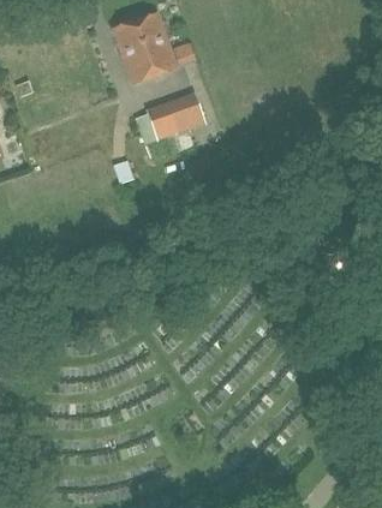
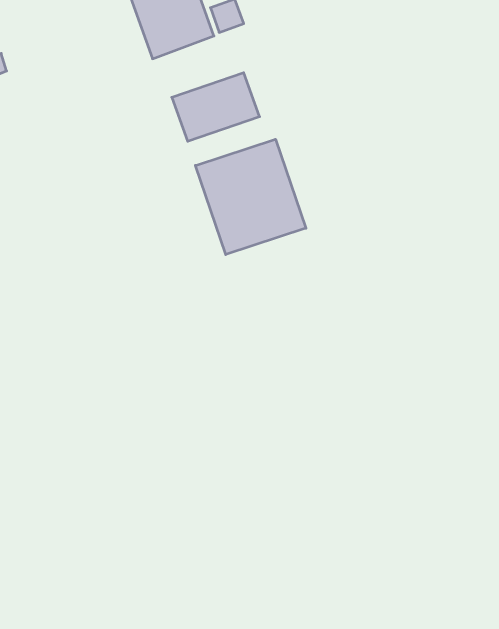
building: none -> [195,139,306,255]

